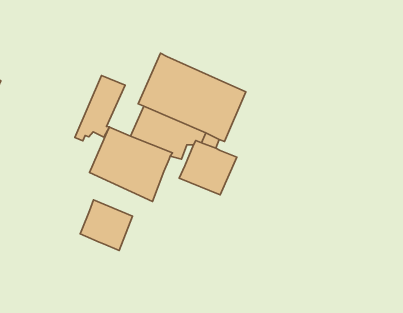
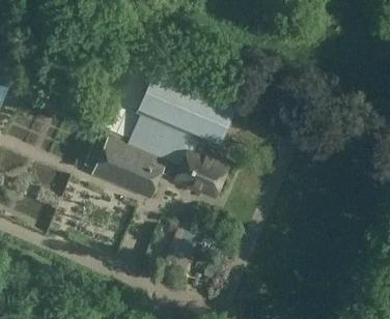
building: [75,76,125,141] -> none
building: [80,200,133,250] -> none

